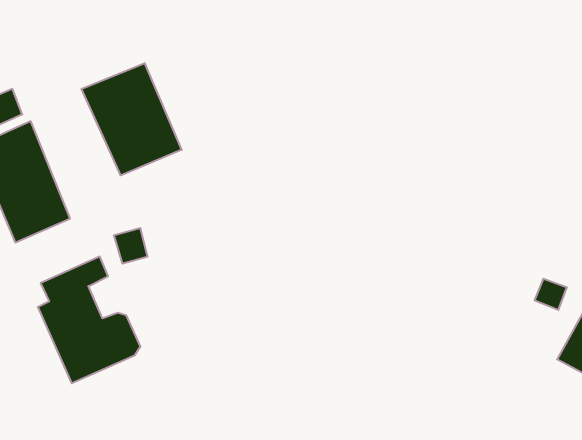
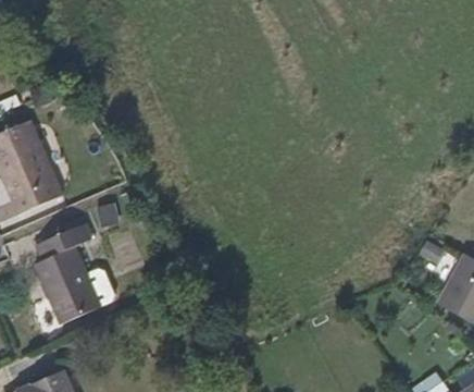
building: [82,63,182,175] -> none

